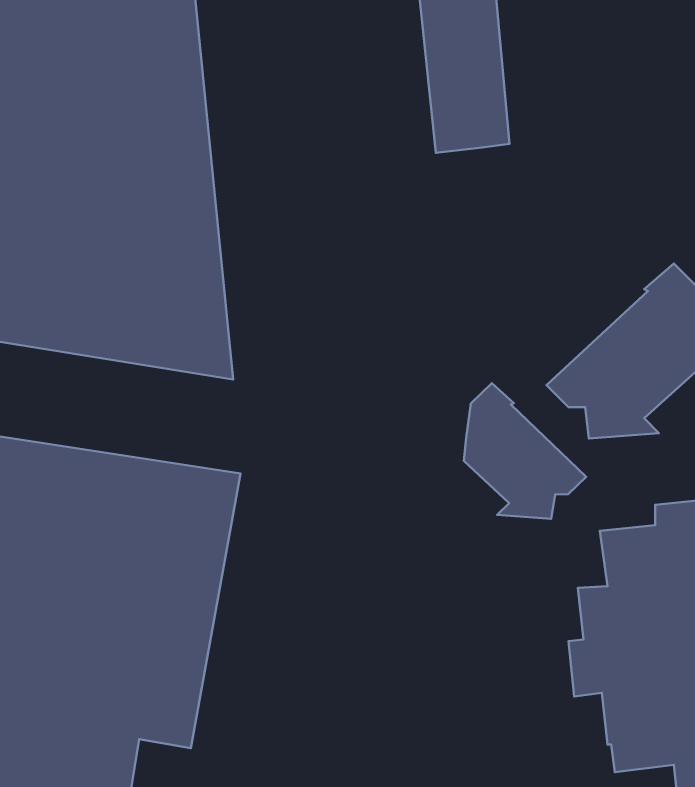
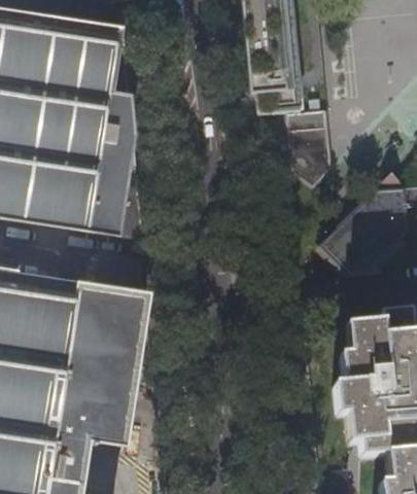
building: none -> [283,108,329,190]
building: [464,383,586,519] -> none

